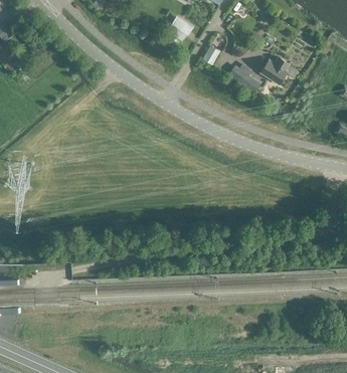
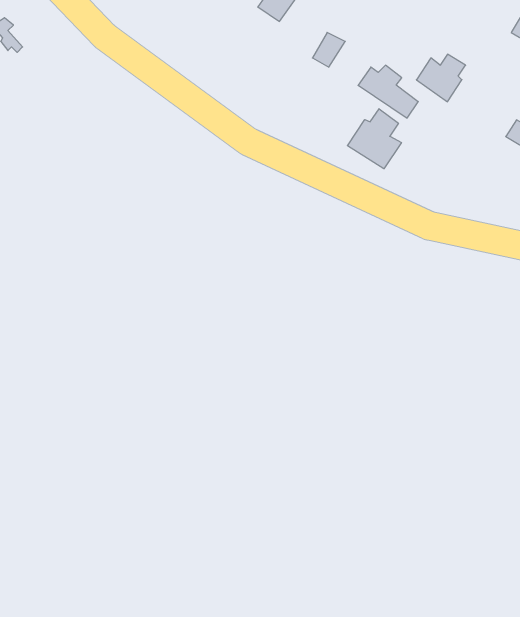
building: none -> [347,109,401,169]

